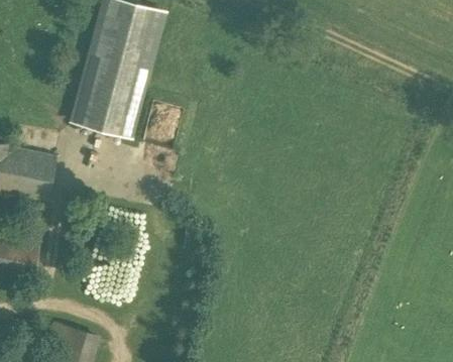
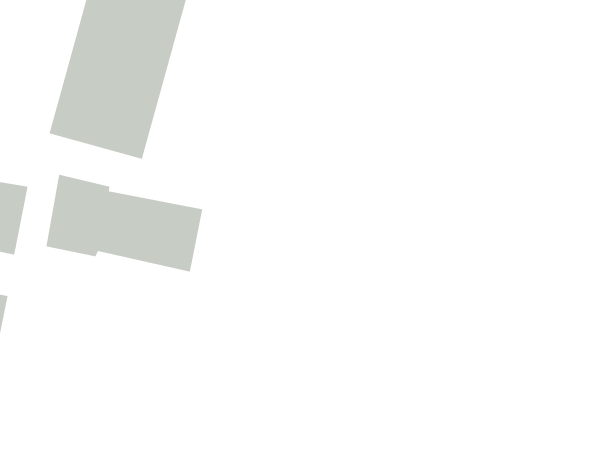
building: none -> [46,174,203,273]

